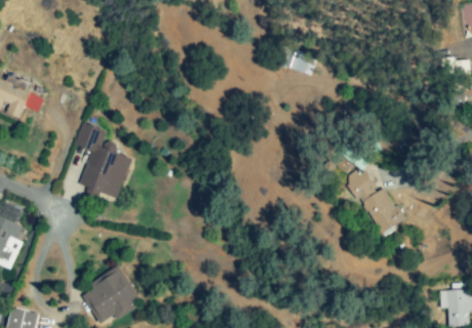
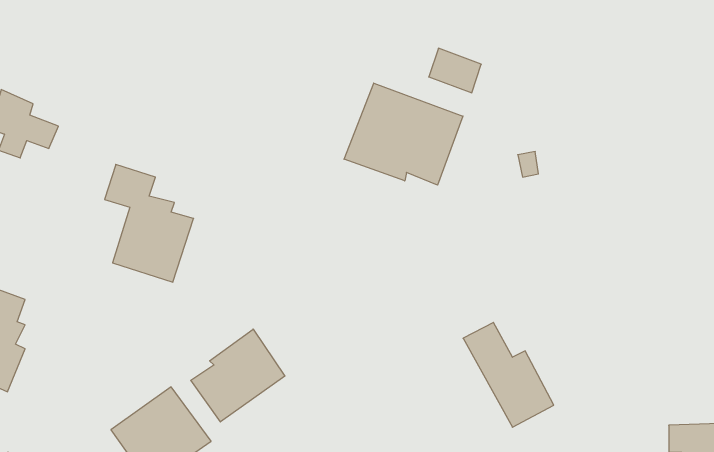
building: none -> [344,83,463,185]
building: [345,168,403,236] -> [463,322,554,427]
building: none -> [191,329,285,422]

